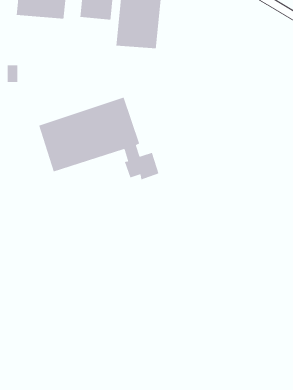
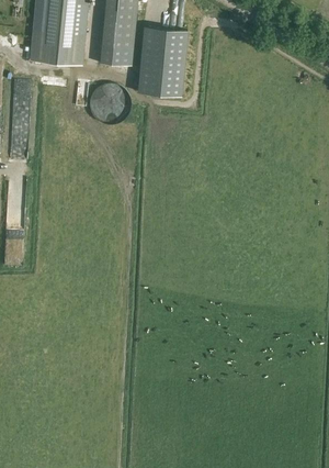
building: none -> [89,83,129,124]
building: [38,97,159,180] -> none

